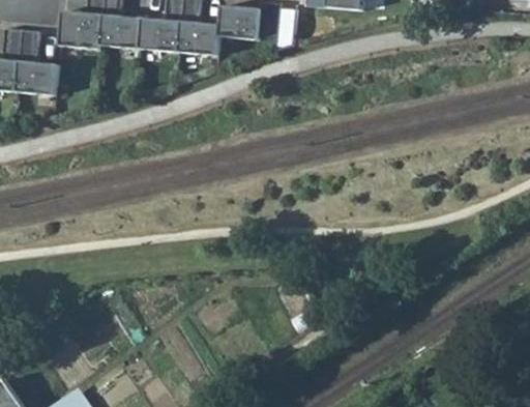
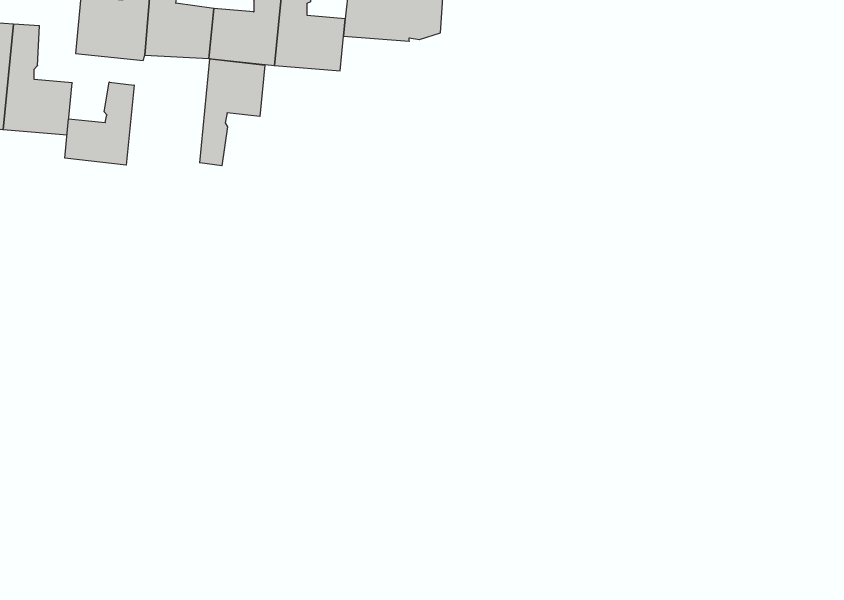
building: none -> [200,59,265,166]
building: none -> [65,82,134,165]

